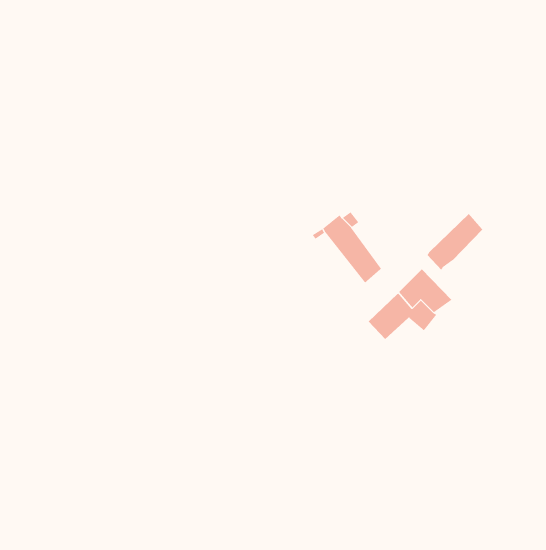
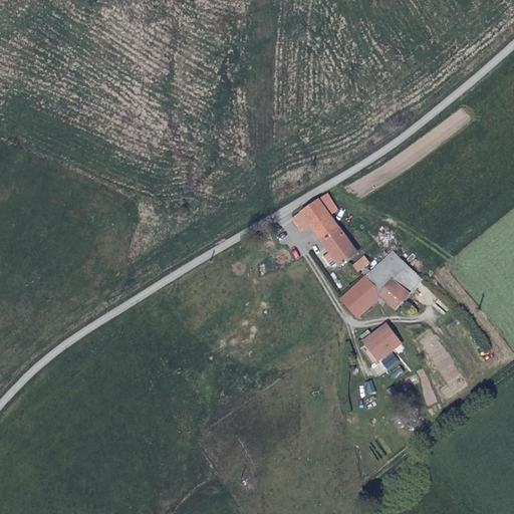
building: [427,213,483,271] -> none
building: none -> [363,324,400,360]

